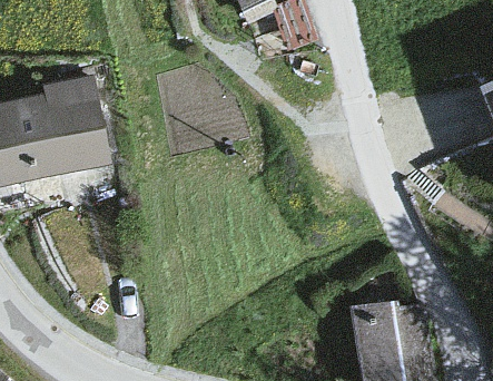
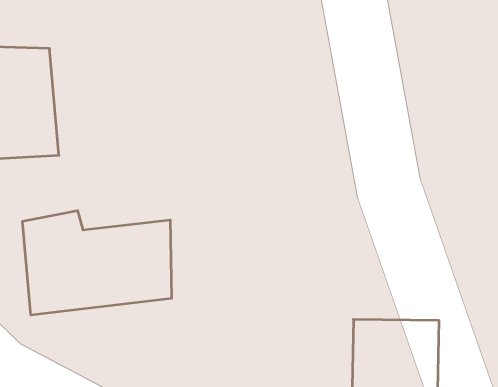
building: none -> [23,211,172,315]

